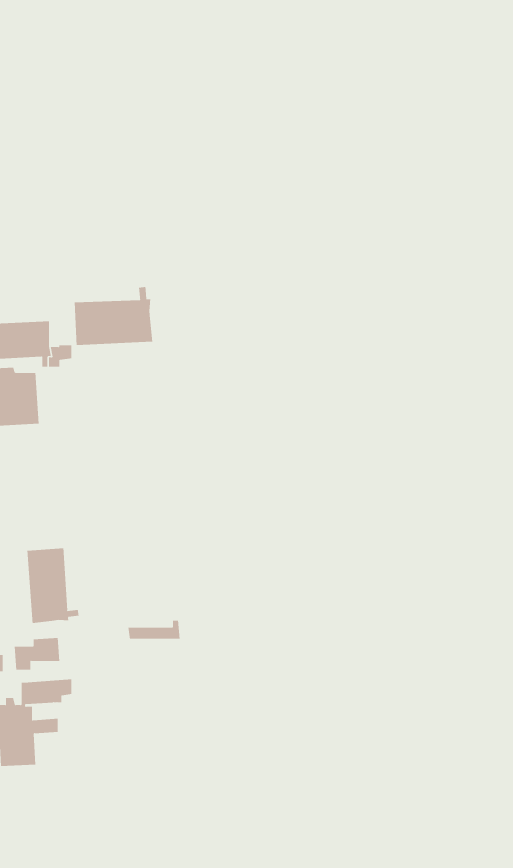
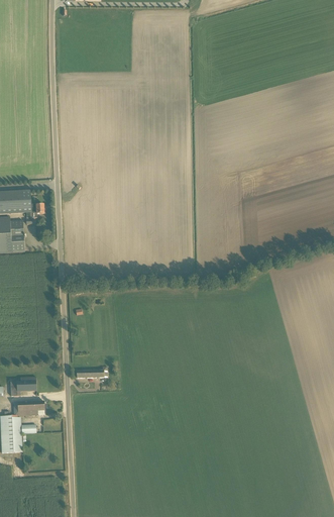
building: [74,286,153,346] -> none
building: [27,547,79,624] -> none

